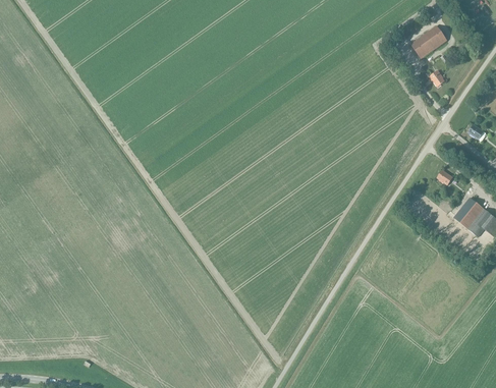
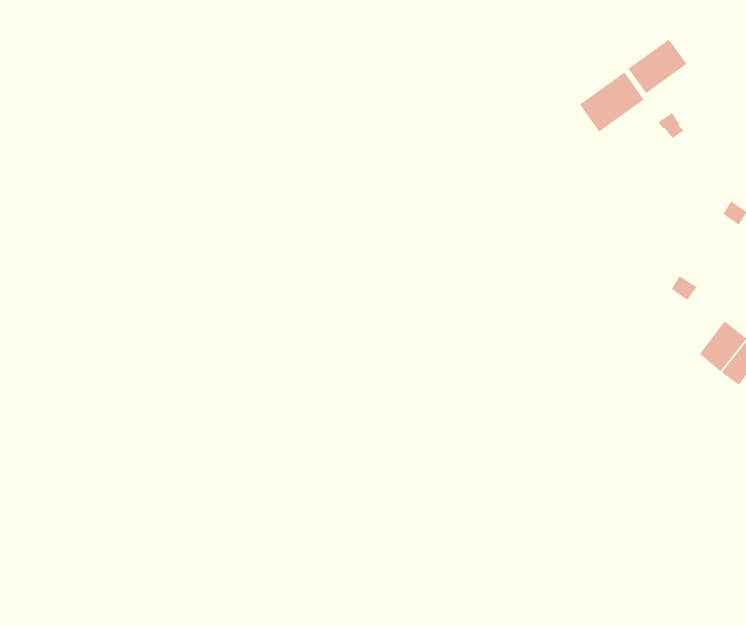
building: none -> [579,72,644,132]

